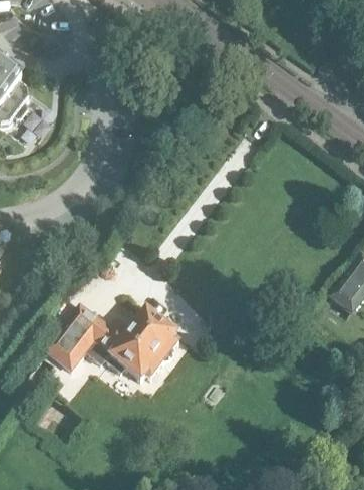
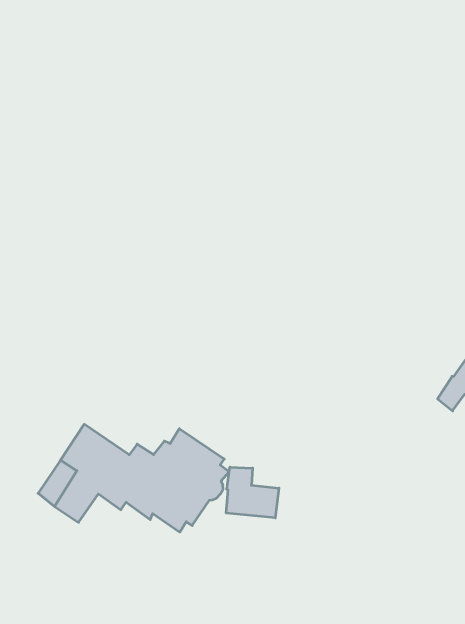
building: none -> [226,467,279,518]

